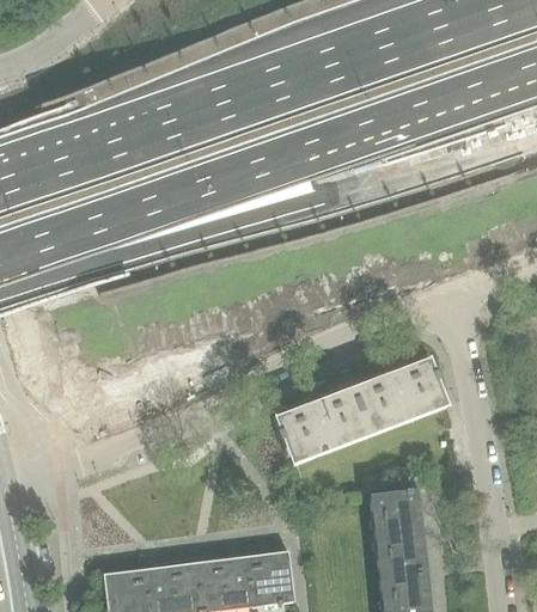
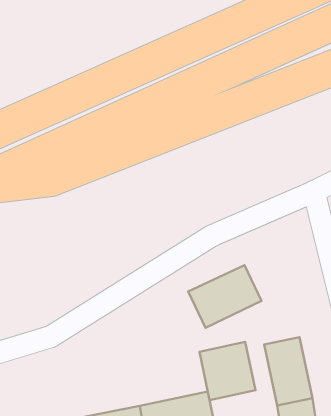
building: [352,356,448,435] -> none
building: none -> [199,342,255,400]

